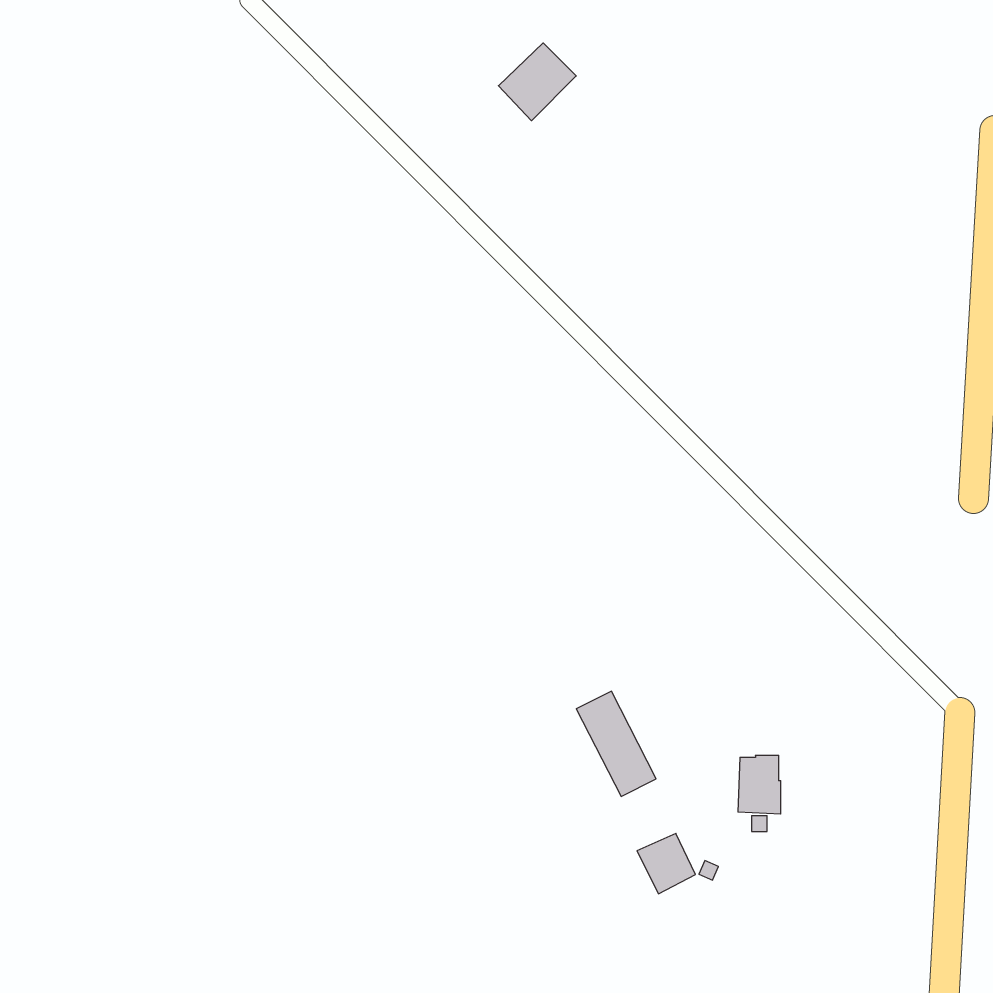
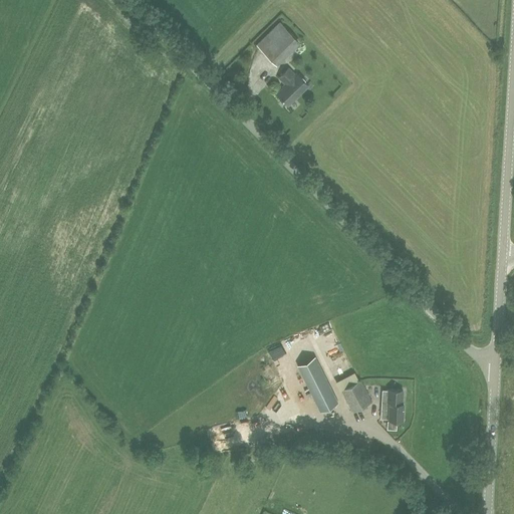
building: none -> [278,69,309,106]
building: [637,833,695,894] -> [342,381,372,413]

